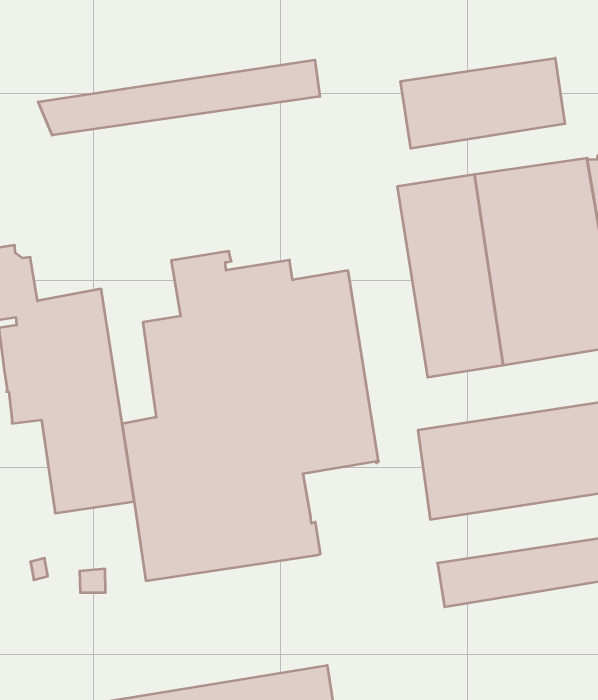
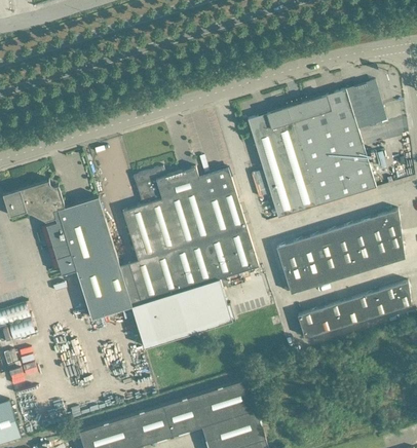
building: [401,58,565,148] -> none
building: [38,60,320,135] -> none

